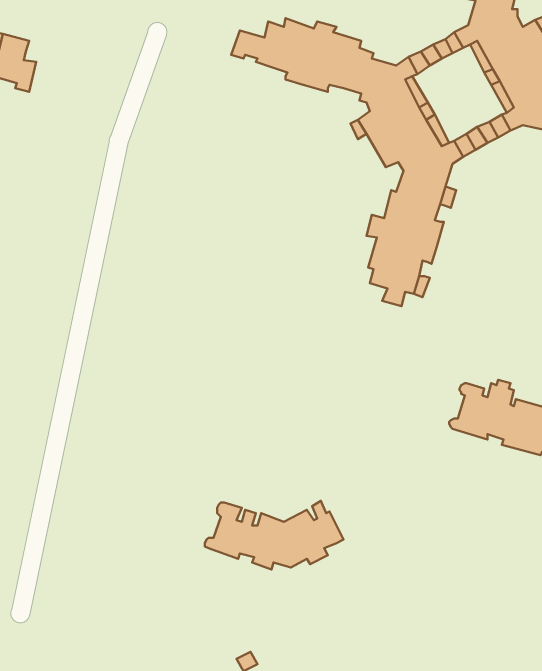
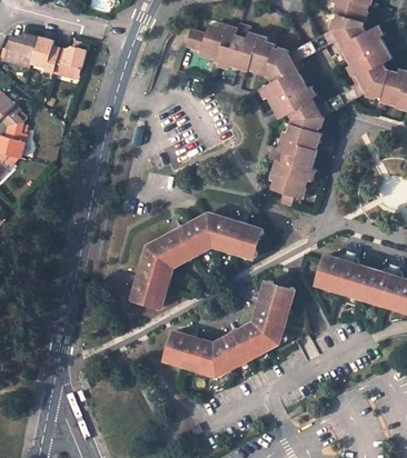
building: none -> [52,46,85,76]
building: none -> [132,217,264,309]
building: none -> [240,281,296,358]

